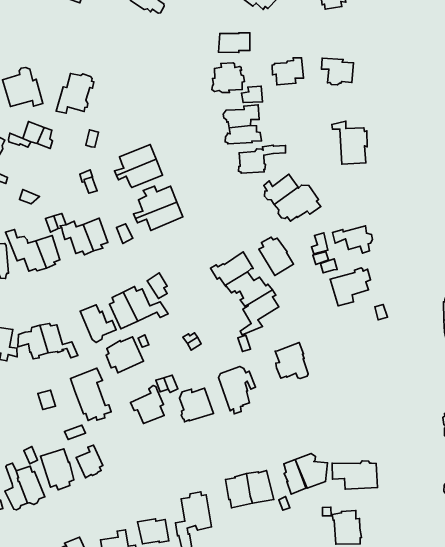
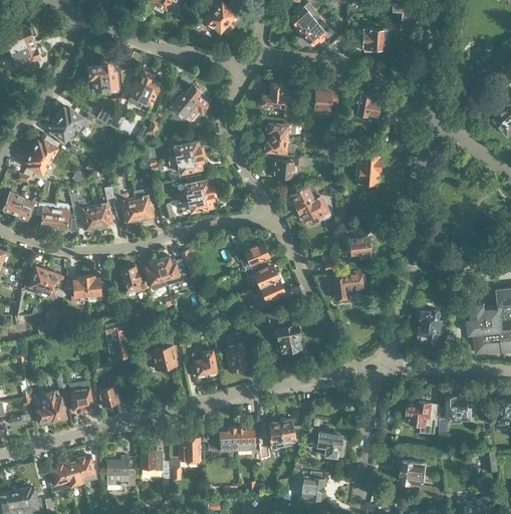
building: [218,33,250,52] -> none
building: none -> [167,86,208,121]
building: [259,237,293,276] -> none
building: [106,337,143,373] -> none

